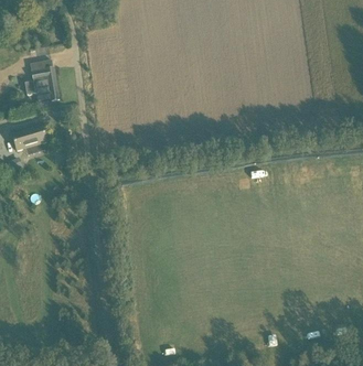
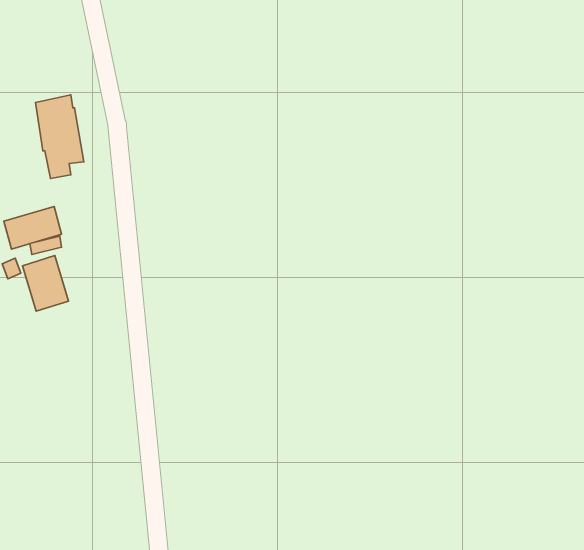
building: none -> [23,255,68,311]

